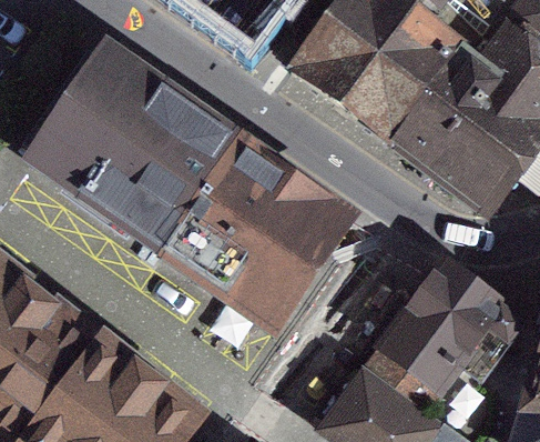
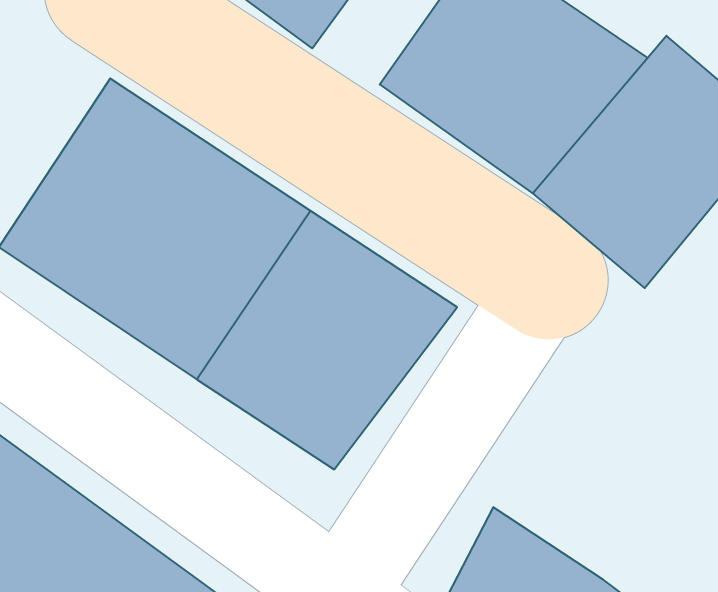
building: [375,261,516,410] -> none

